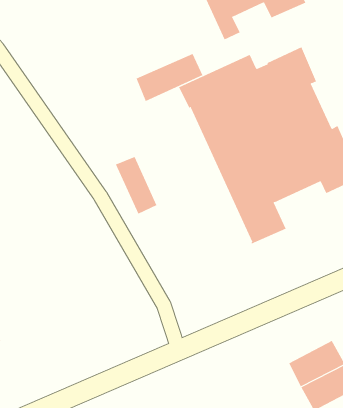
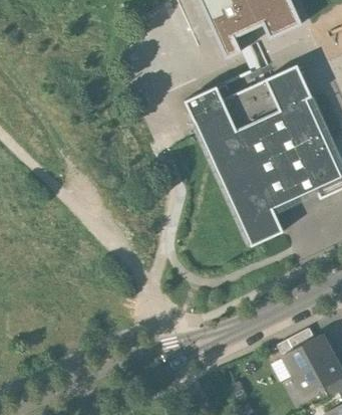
building: [136,53,203,102] -> none
building: [115,156,157,215] -> none

